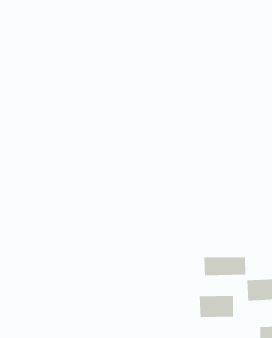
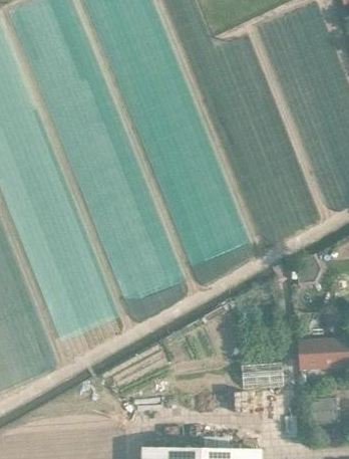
building: [204,256,246,276] -> none

